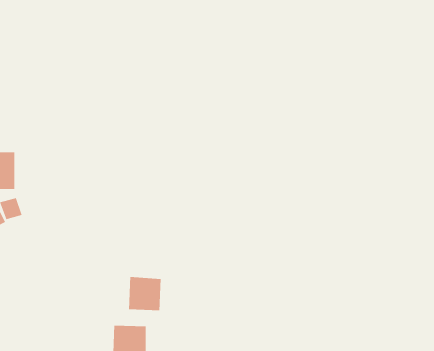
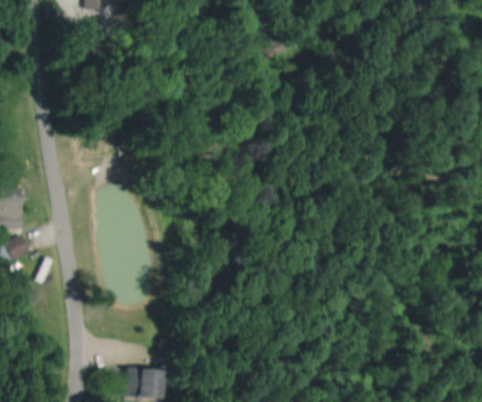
building: [129,276,161,311] -> none

